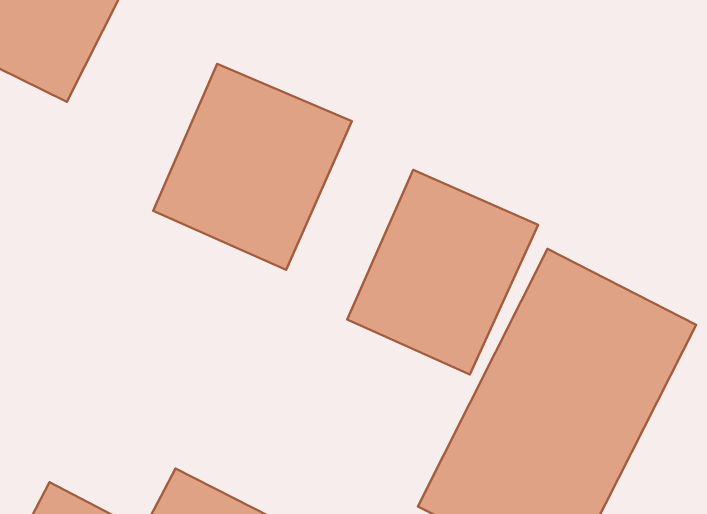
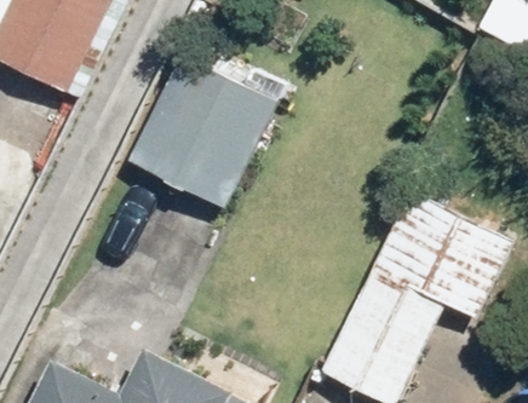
building: [347,170,538,375] -> none

